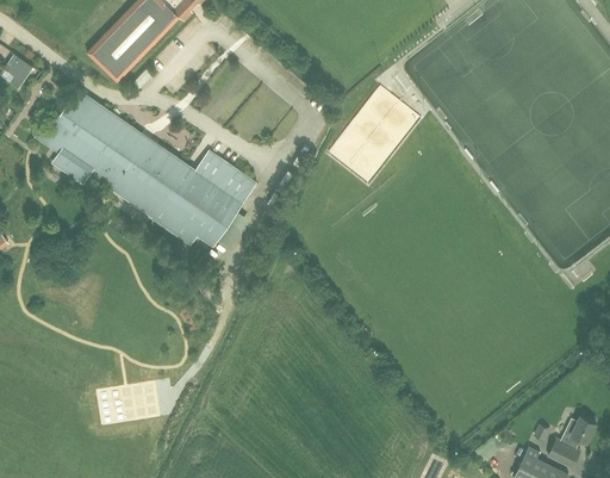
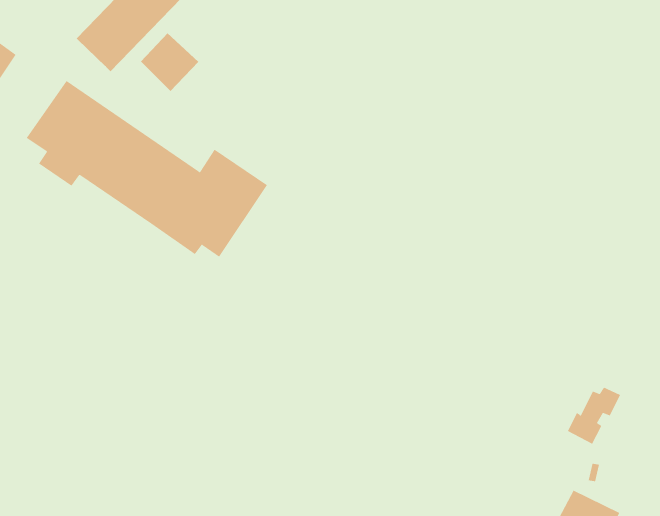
building: none -> [140,33,199,92]
building: [549,415,597,466] -> [567,387,621,445]

